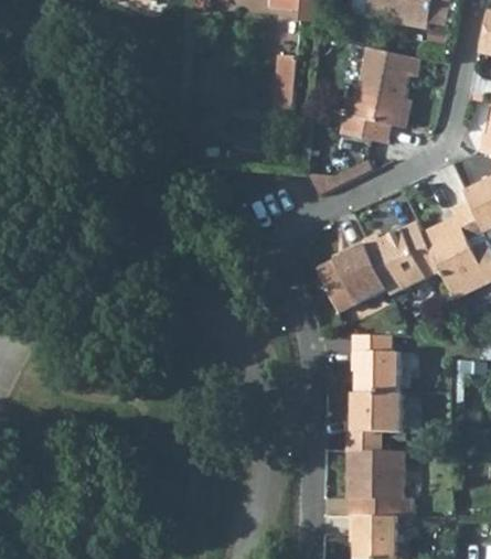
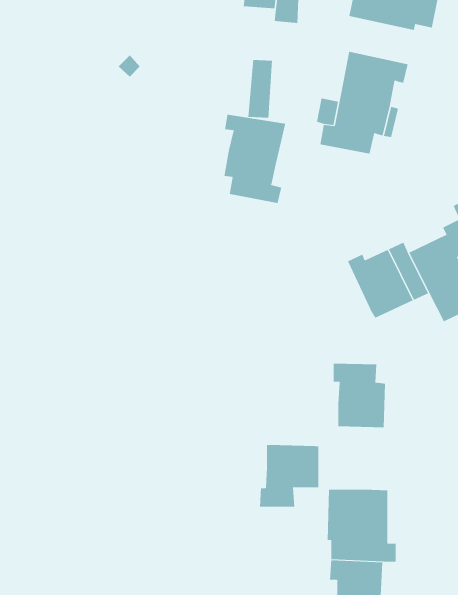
building: none -> [224,114,286,204]
building: [317,240,387,312] -> none
building: [348,393,403,450] -> [259,445,319,507]

